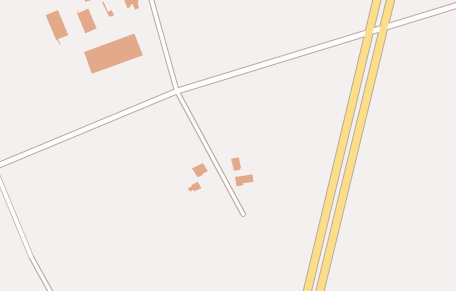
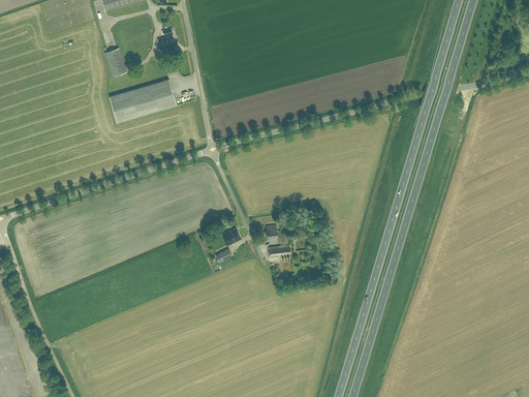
building: [45,9,69,45] -> none

